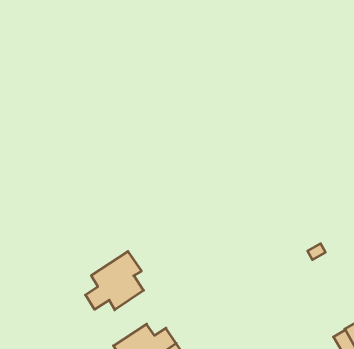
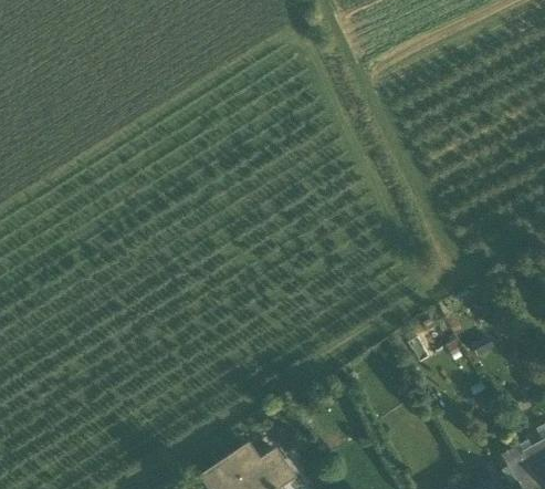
building: [85,251,144,310] -> none

